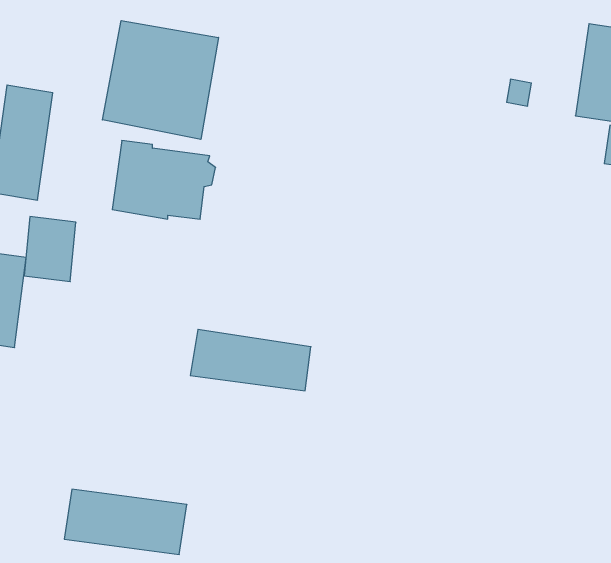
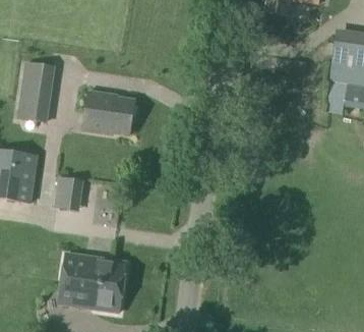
building: [102,21,218,139] -> none
building: [24,217,76,282] -> [54,176,81,211]
building: [190,329,311,391] -> [61,253,125,285]

